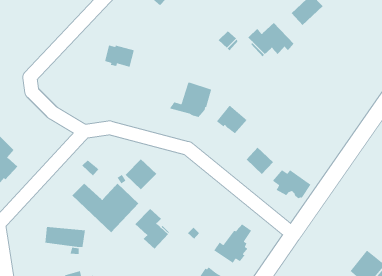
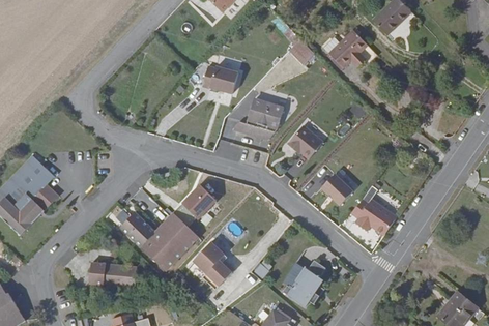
building: [104,44,135,68] -> [202,65,237,92]

